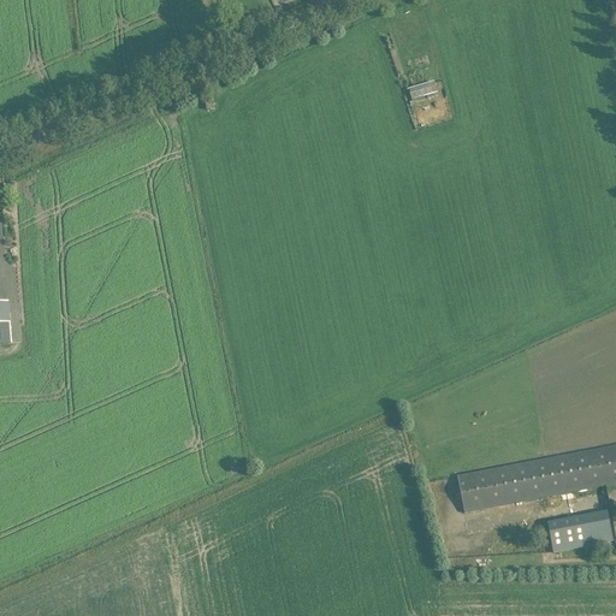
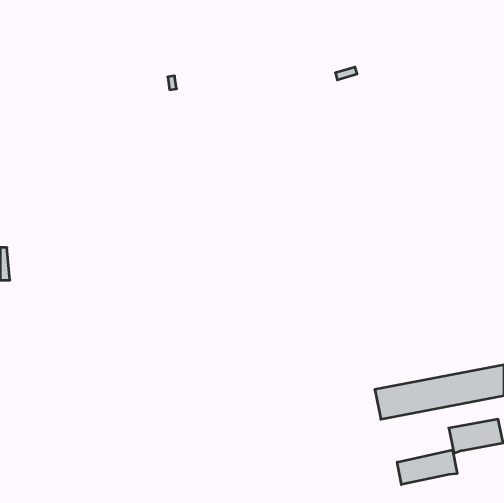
building: none -> [397,450,457,485]

